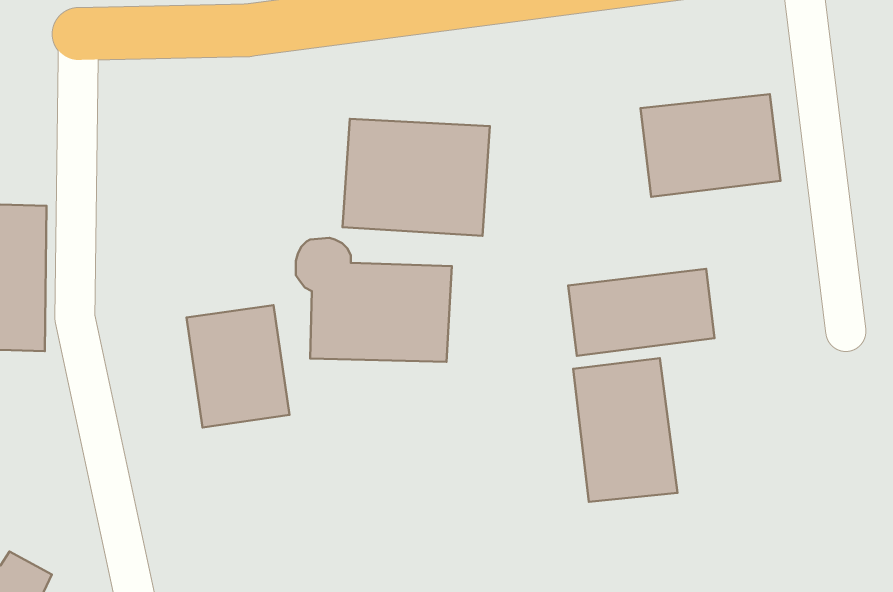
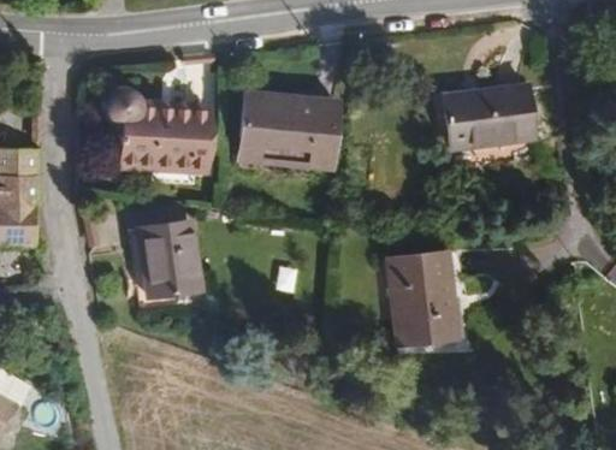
building: [296,238,452,362] -> [103,87,209,171]
building: [568,269,714,356] -> none

